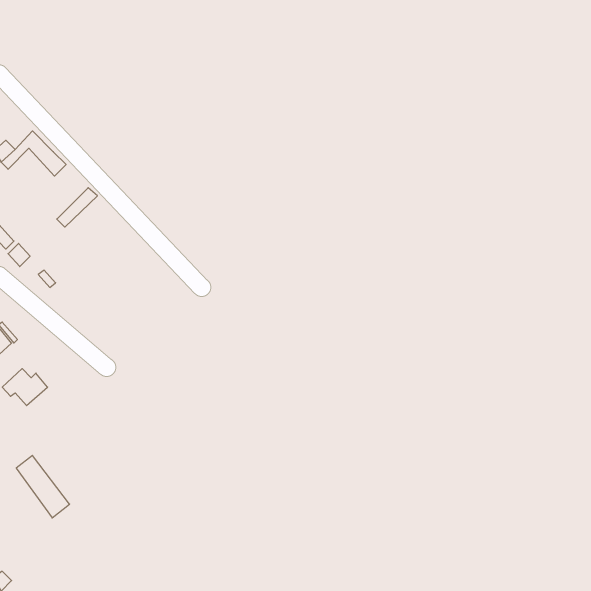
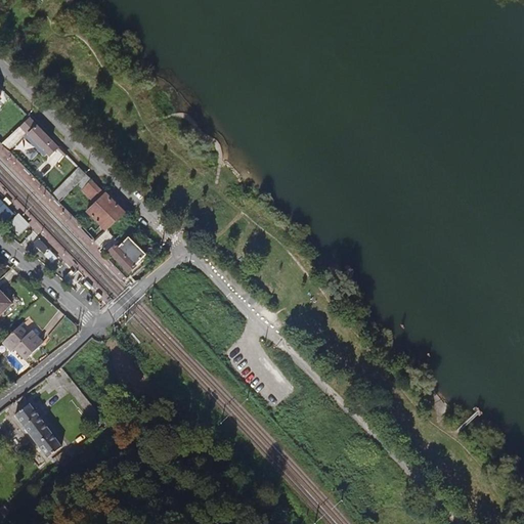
building: none -> [81,179,125,235]
building: none -> [107,236,144,271]

